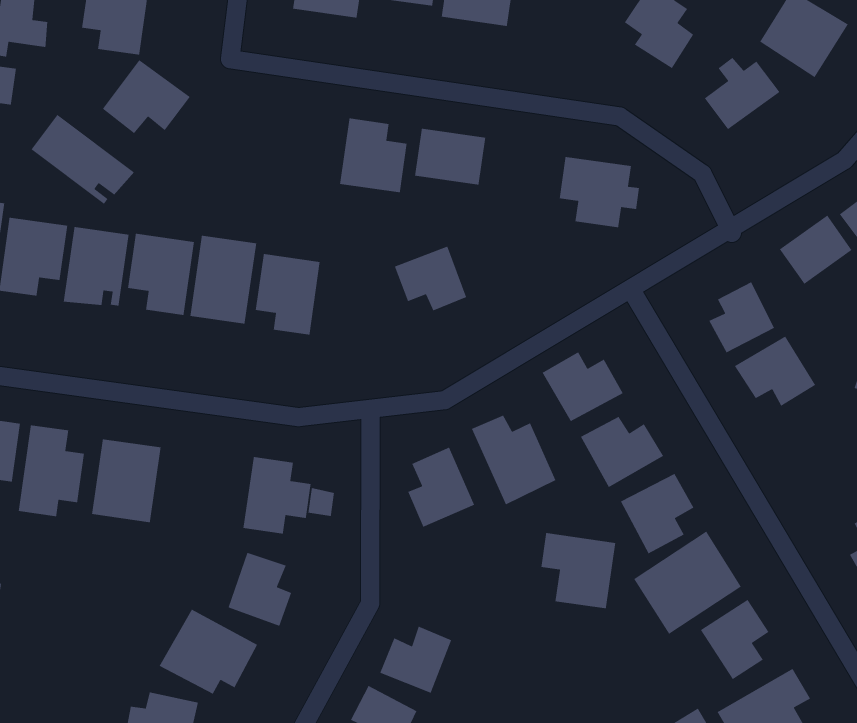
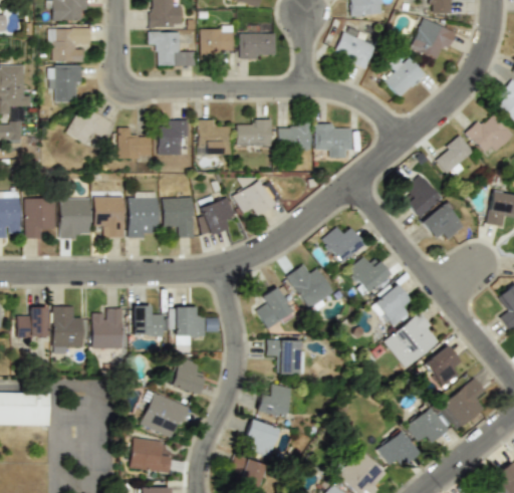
building: none -> [159,119,189,156]
building: none -> [116,128,152,159]
building: [30,114,135,205] -> none
building: none -> [278,119,311,150]
building: none -> [196,197,236,236]
building: none -> [133,305,165,335]
building: [541,532,616,609] -> [267,339,305,376]

